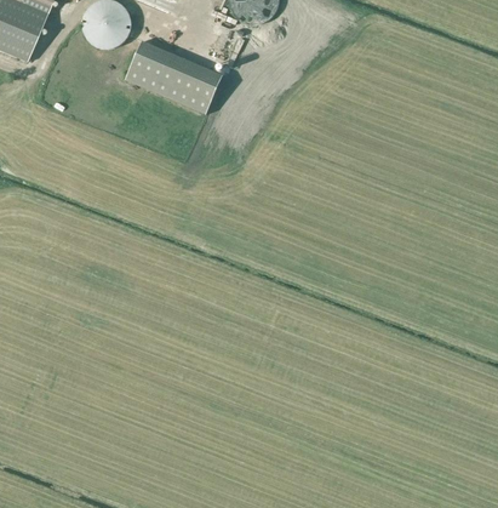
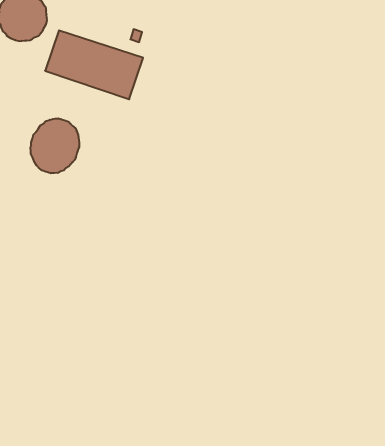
building: none -> [30,118,79,173]

